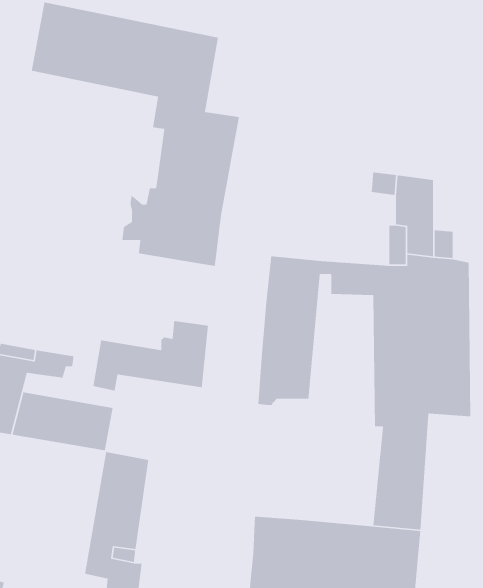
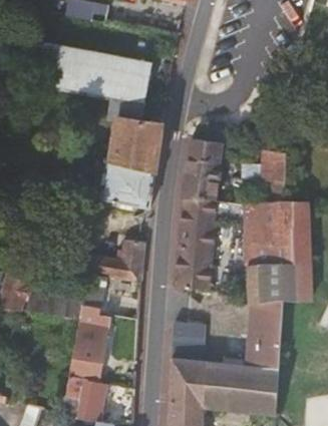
building: none -> [183,139,223,202]
building: none -> [173,324,203,363]

